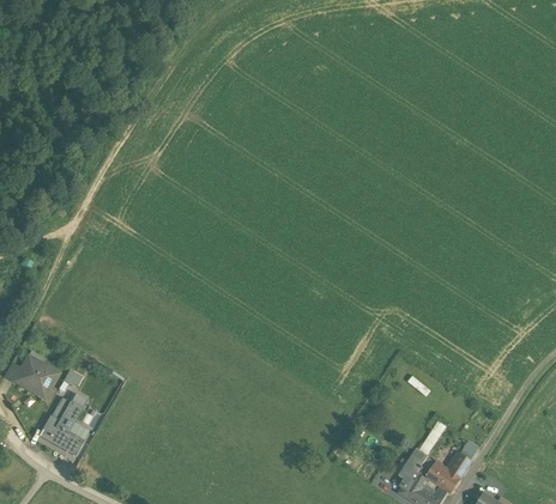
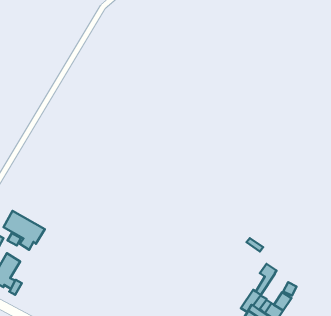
building: none -> [4,211,45,250]

